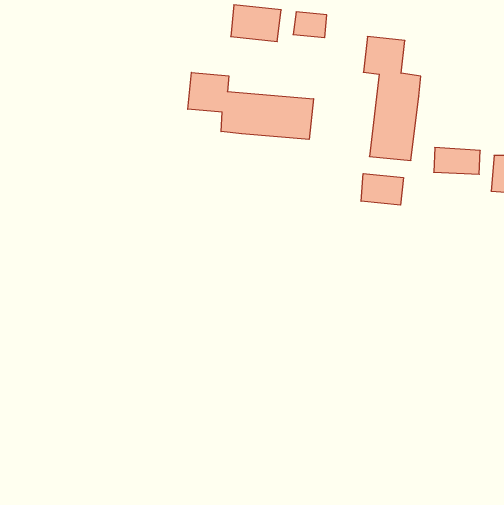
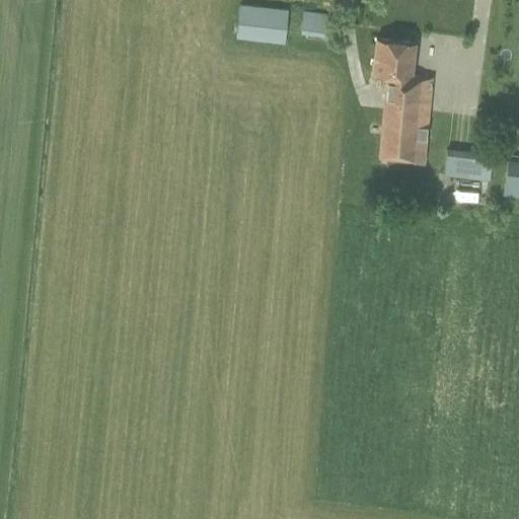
building: [188,72,314,139] -> none
building: [361,174,403,205] -> none

